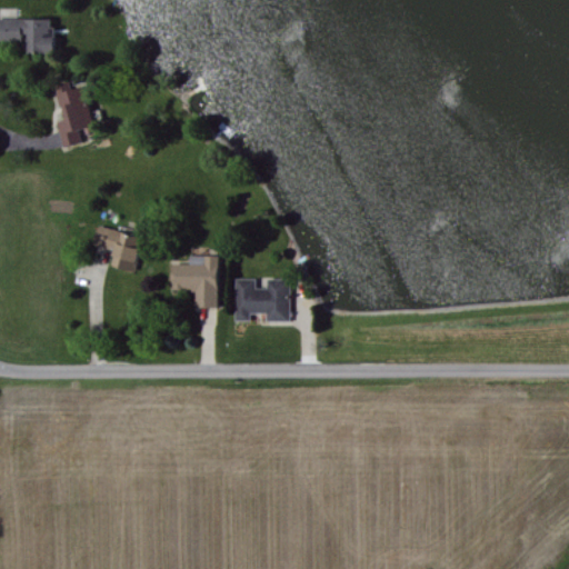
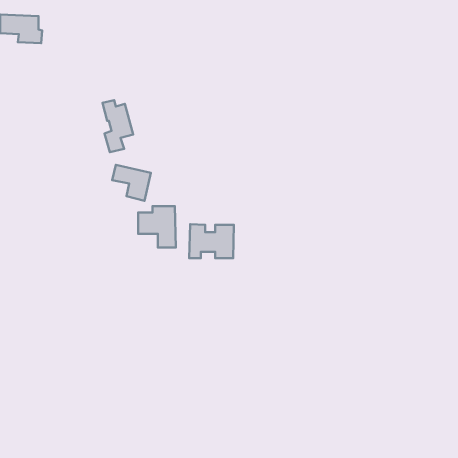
building: [54,82,92,147] -> [103,100,133,152]
building: [92,226,140,270] -> [112,165,151,201]

